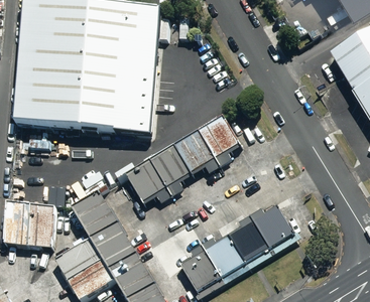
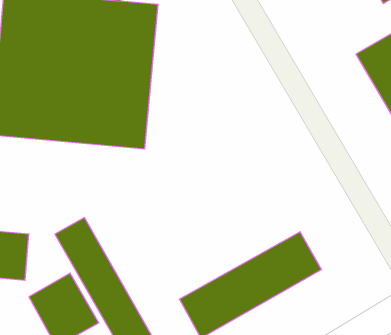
building: [121,117,237,203] -> none

